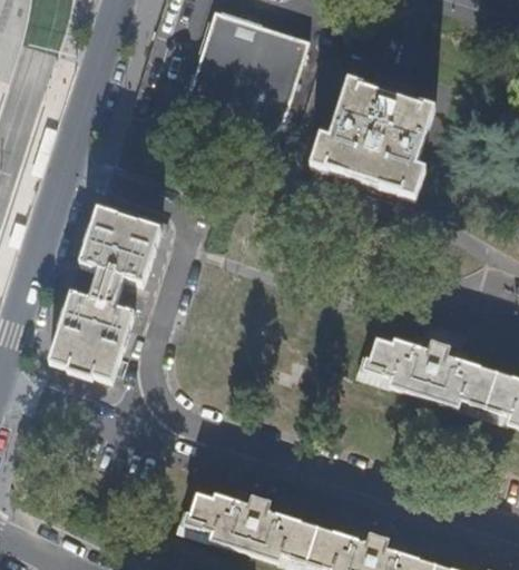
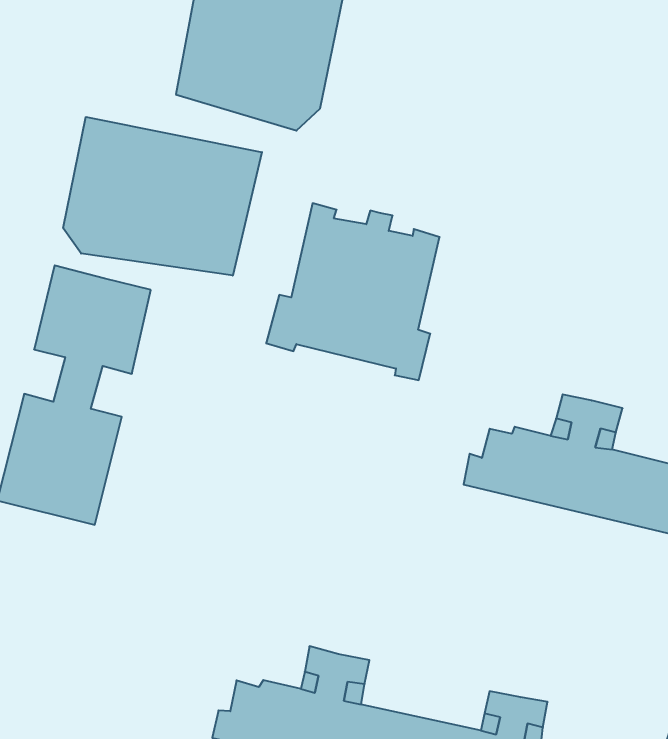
building: [314,79,434,202] -> [266,203,440,380]
building: none -> [63,117,262,276]

